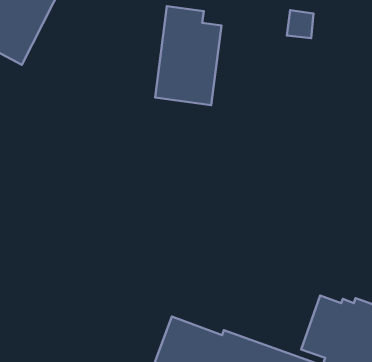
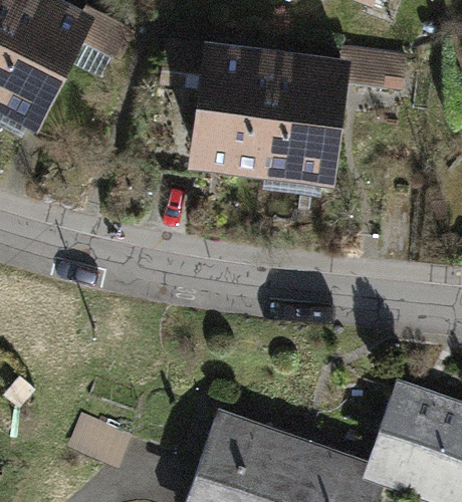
building: none -> [264,57,345,173]

